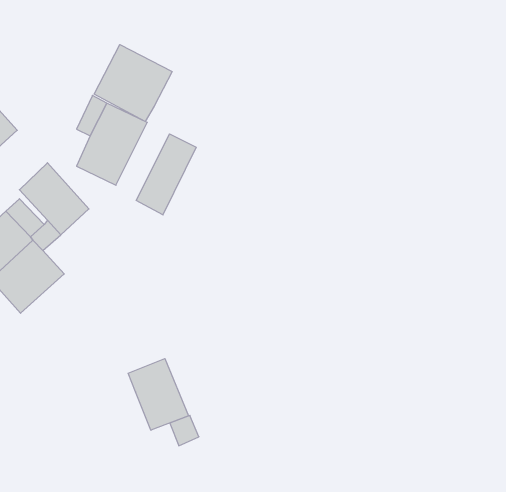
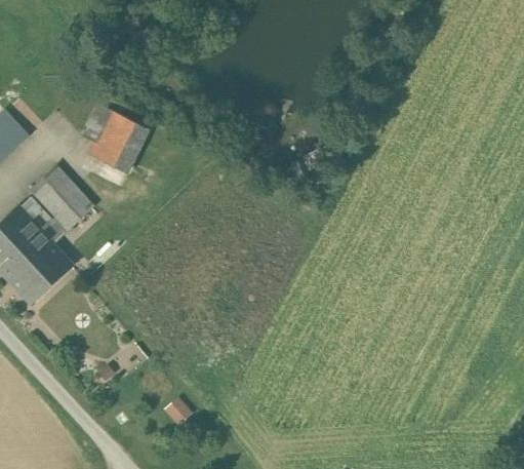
building: [94,45,172,121] -> none
building: [136,134,196,215] -> none
building: [128,359,188,430] -> none

